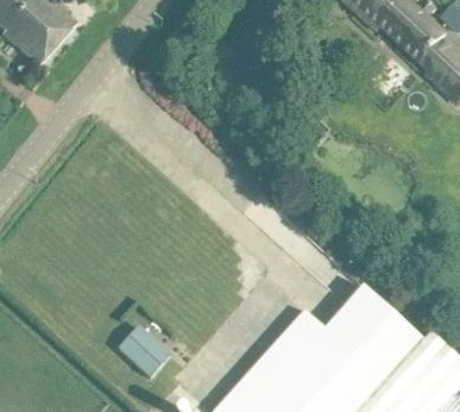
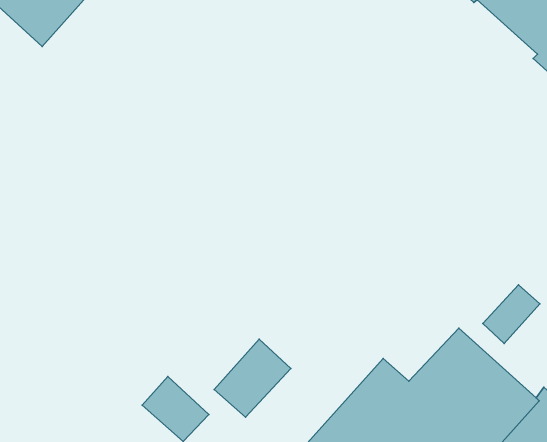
building: none -> [483,285,540,344]
building: none -> [214,339,291,417]

